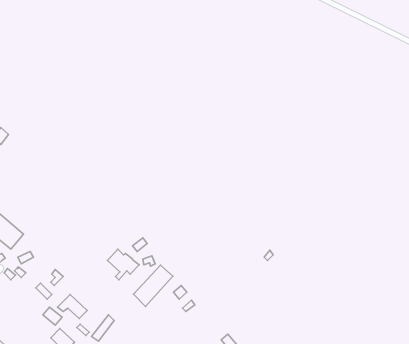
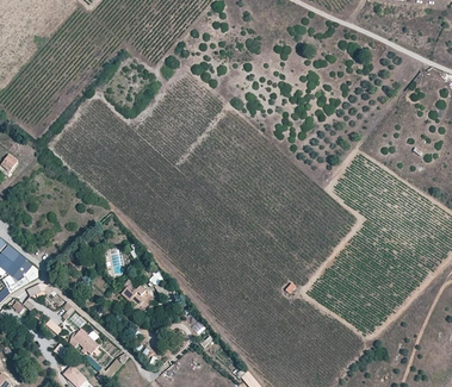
building: [133,265,173,306] -> none

